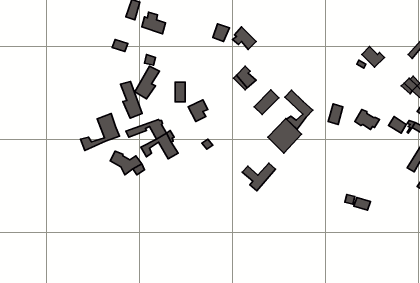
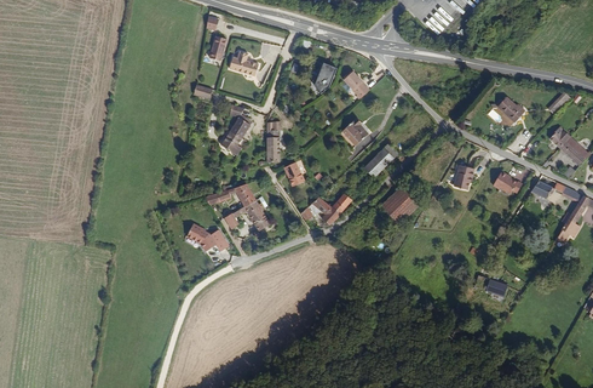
building: [120,81,142,118] -> none
building: [285,90,313,129] -> none
building: [81,114,119,150] -> none
building: [242,163,276,191] -> [313,192,355,226]

